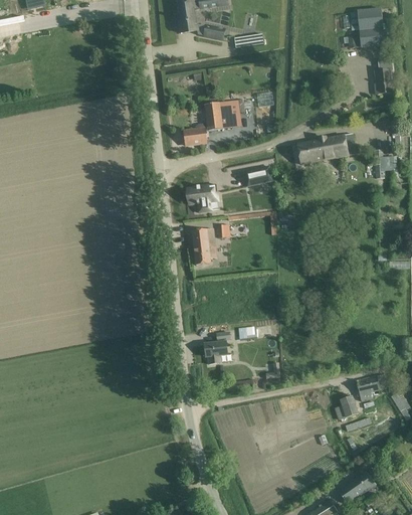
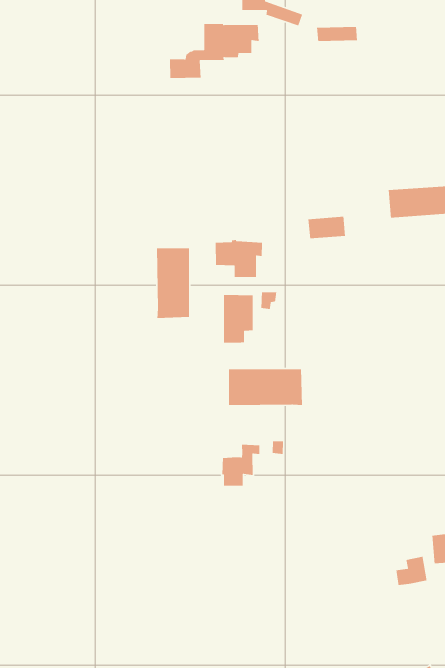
building: [184,100,245,145] -> [169,23,259,79]
building: none -> [156,248,190,319]
building: none -> [228,368,303,406]

